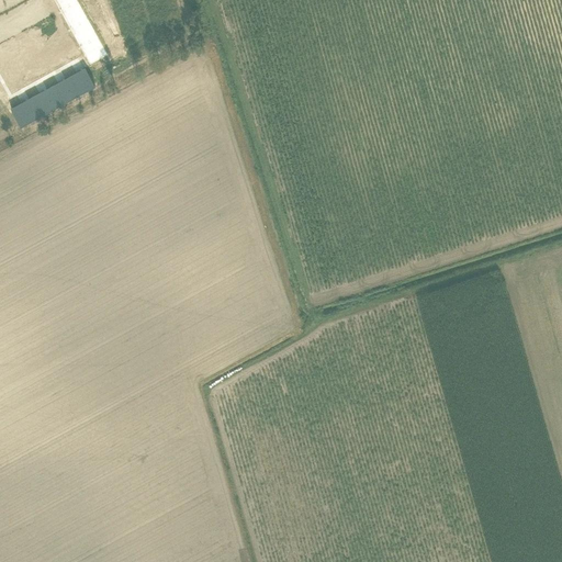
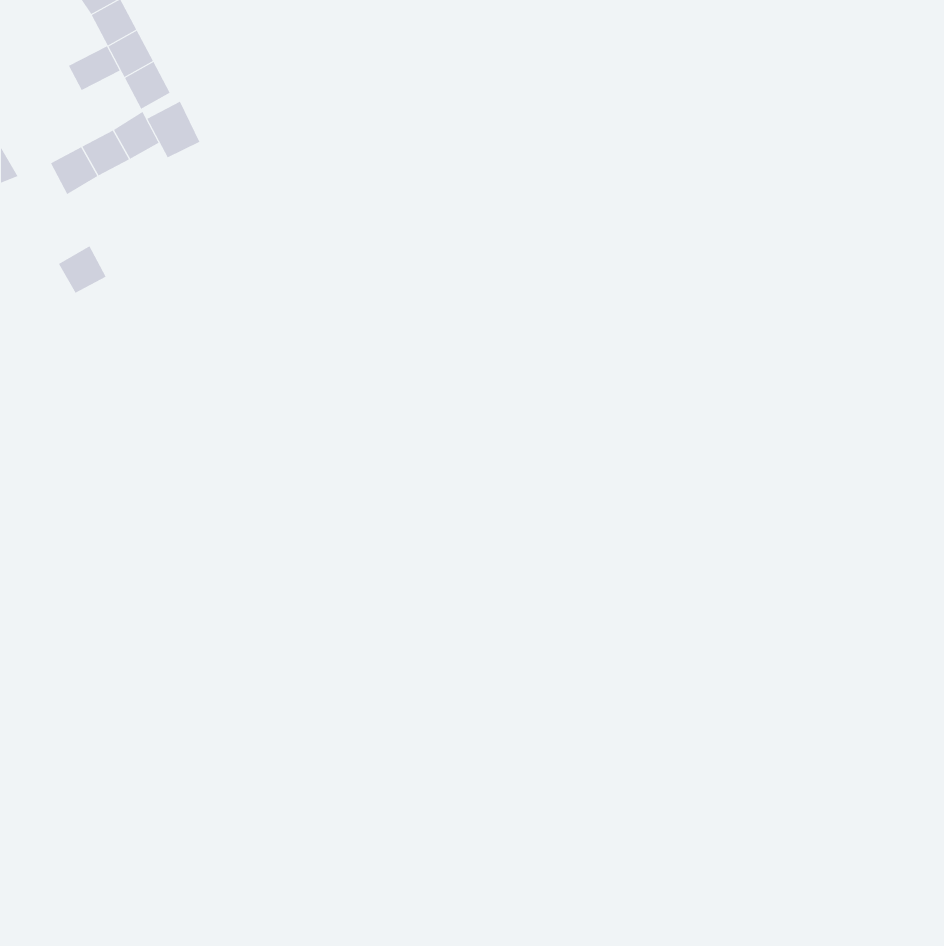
building: none -> [68,46,120,91]
building: none -> [147,101,200,158]
building: [13,97,42,125] -> [58,245,107,294]

